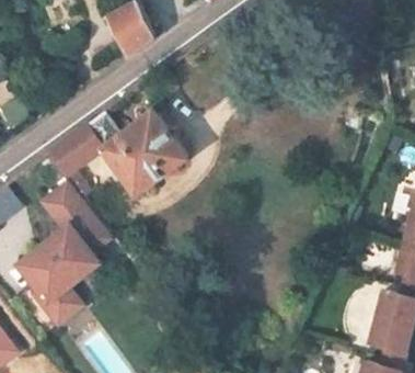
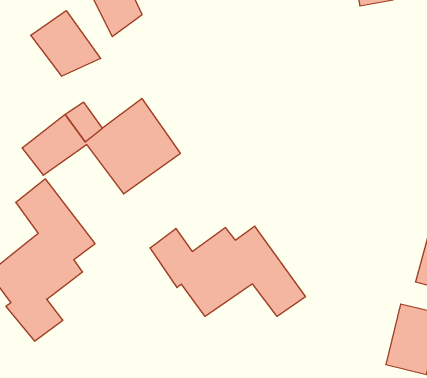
building: none -> [31,11,101,76]
building: none -> [150,226,305,316]

